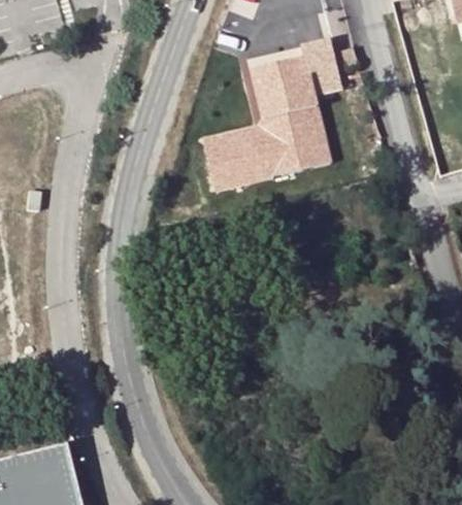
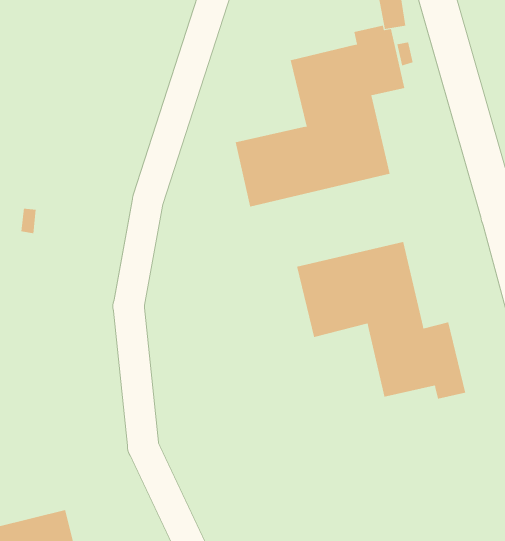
building: none -> [296,241,466,400]

